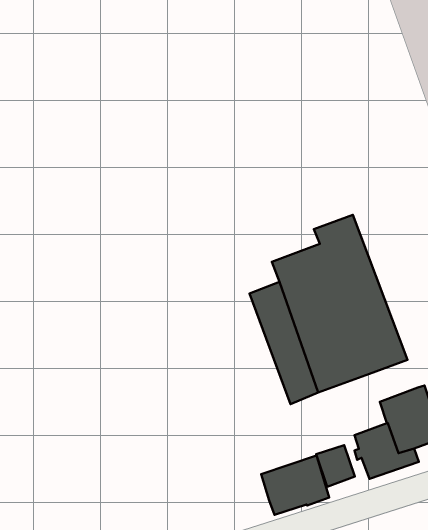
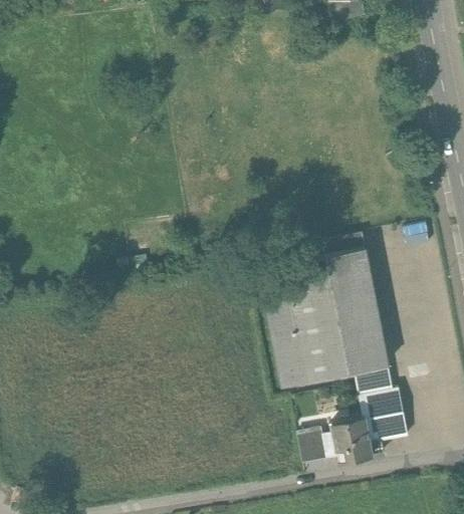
building: none -> [355,365,394,398]
building: [261,456,329,515] -> none

